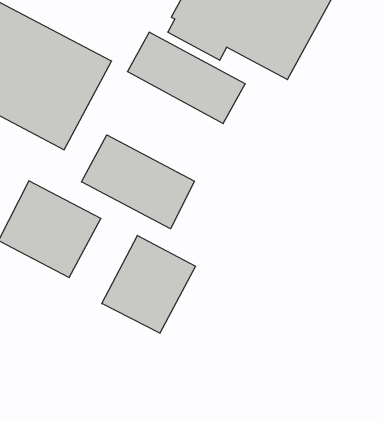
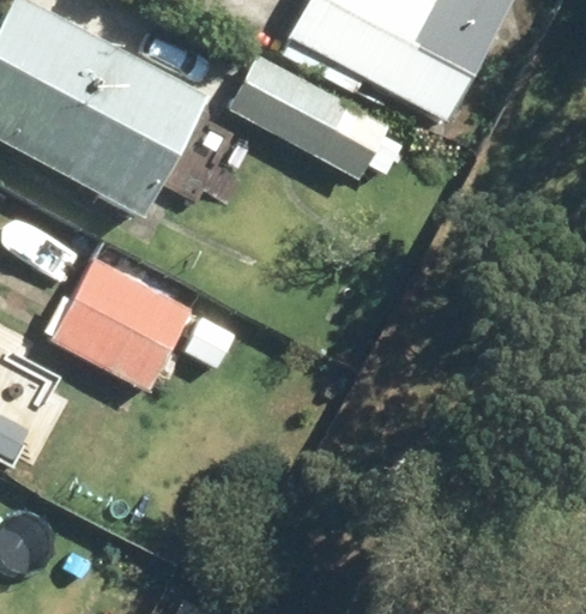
building: [81,135,194,229] -> none
building: [102,235,195,333] -> none

